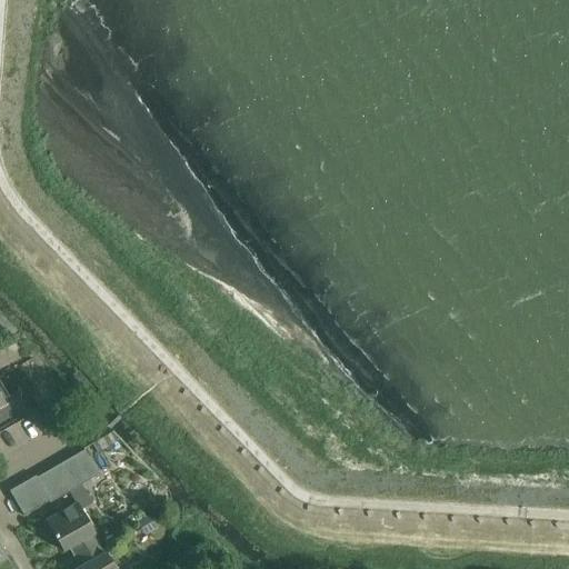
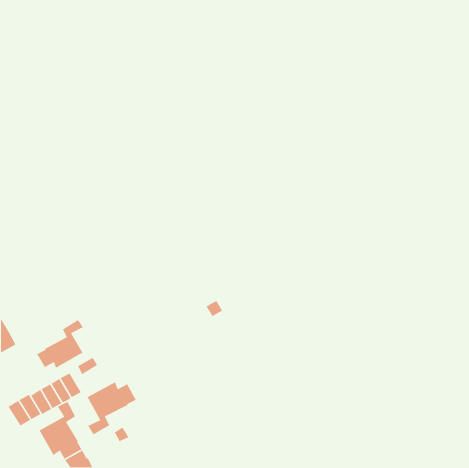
building: none -> [36,319,84,369]
building: none -> [87,381,137,435]

